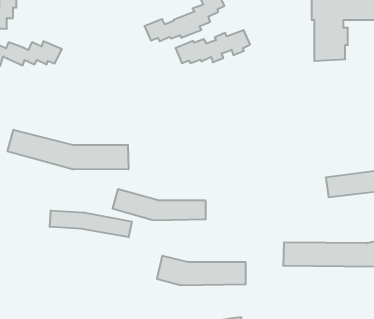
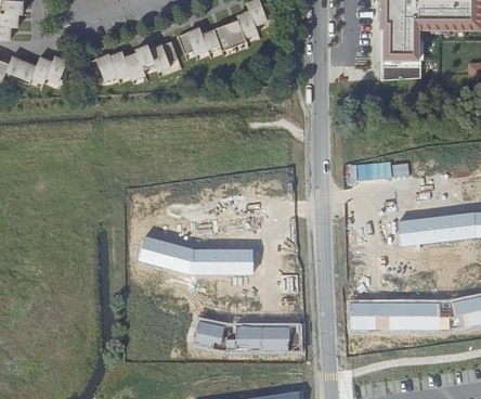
building: [175,30,250,63] -> [86,40,177,80]
building: [8,130,128,170] -> none
building: [50,210,132,237] -> none

